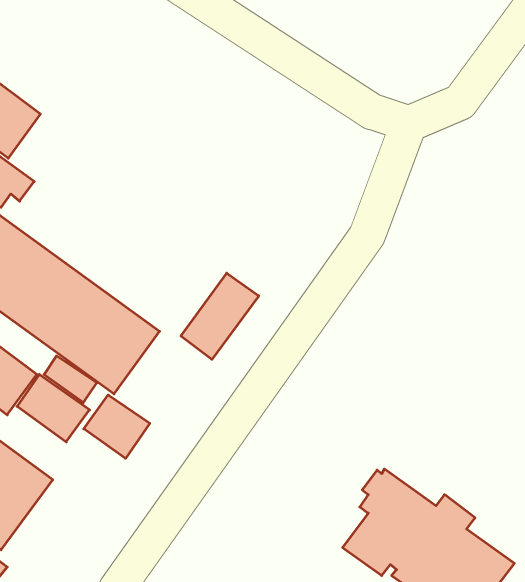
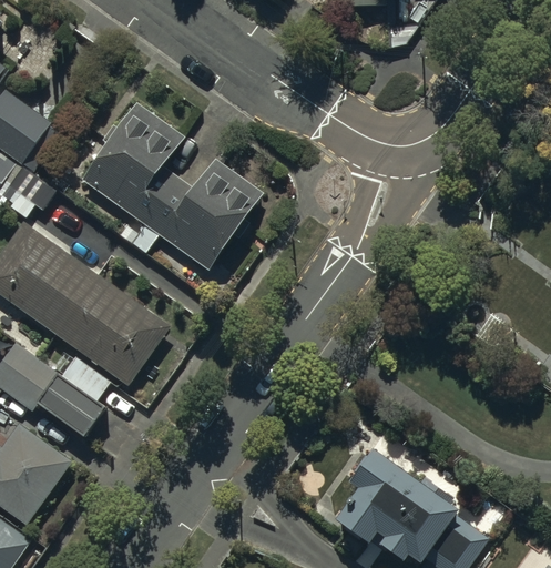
building: none -> [80,100,265,272]
building: [181,273,259,359] -> none
building: [84,395,150,458] -> none

